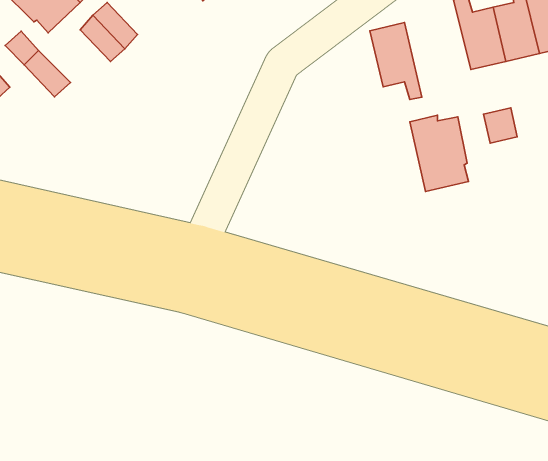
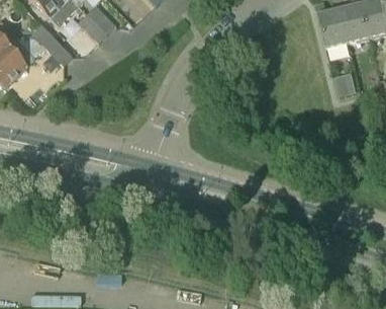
building: [370,23,422,99] -> none
building: [410,115,469,191] -> none

